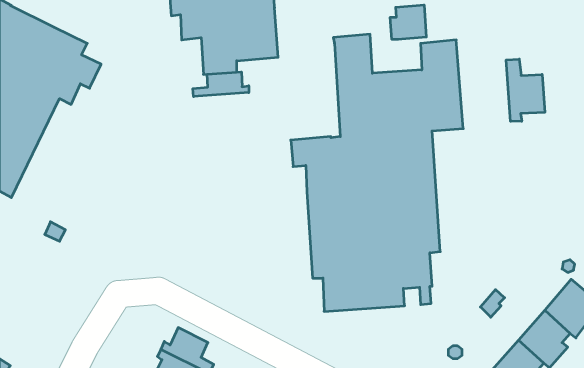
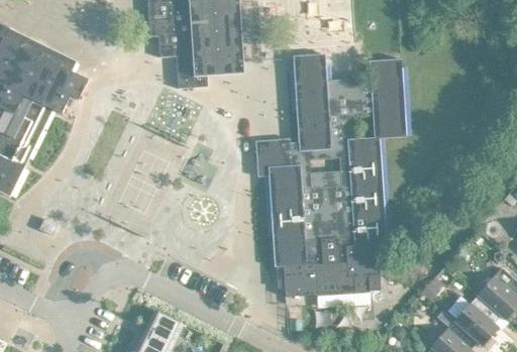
building: [390,5,426,39] -> none
building: [506,59,545,121] -> none
building: [193,72,249,97] -> none

